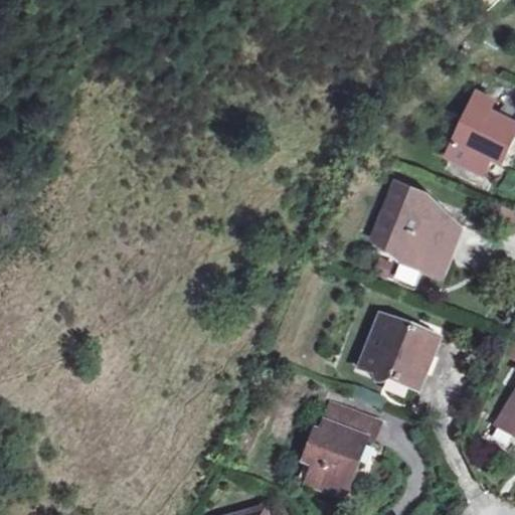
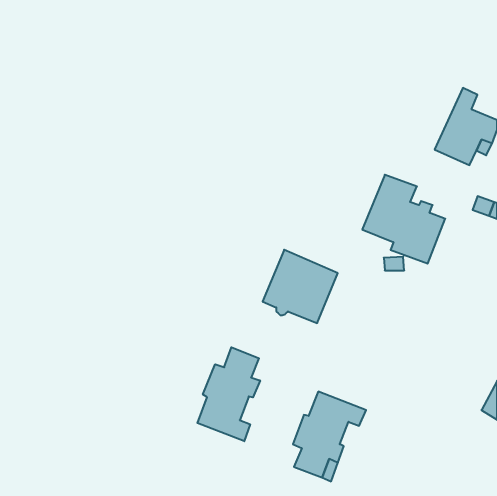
building: [360,313,438,388] -> [263,250,338,323]
building: none -> [197,347,260,441]

